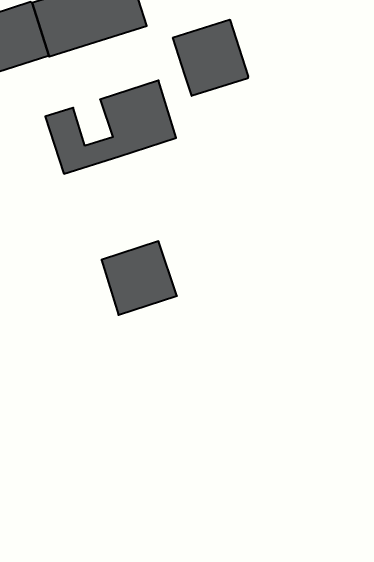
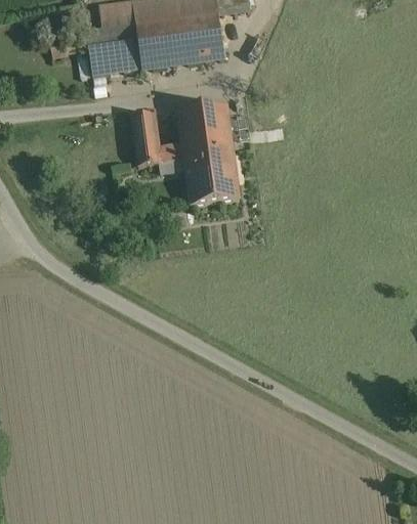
building: [173,20,248,96] -> none
building: [101,241,177,315] -> [182,148,238,202]

